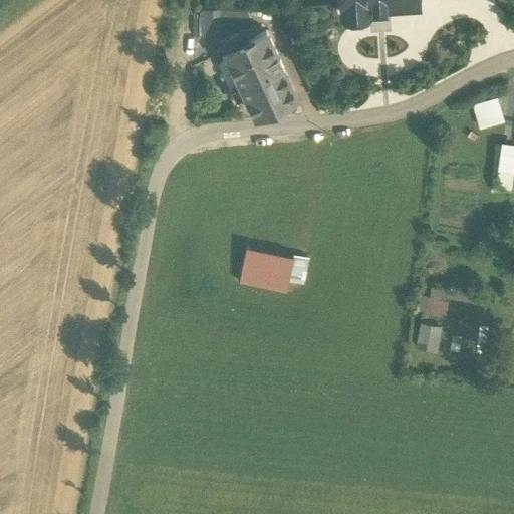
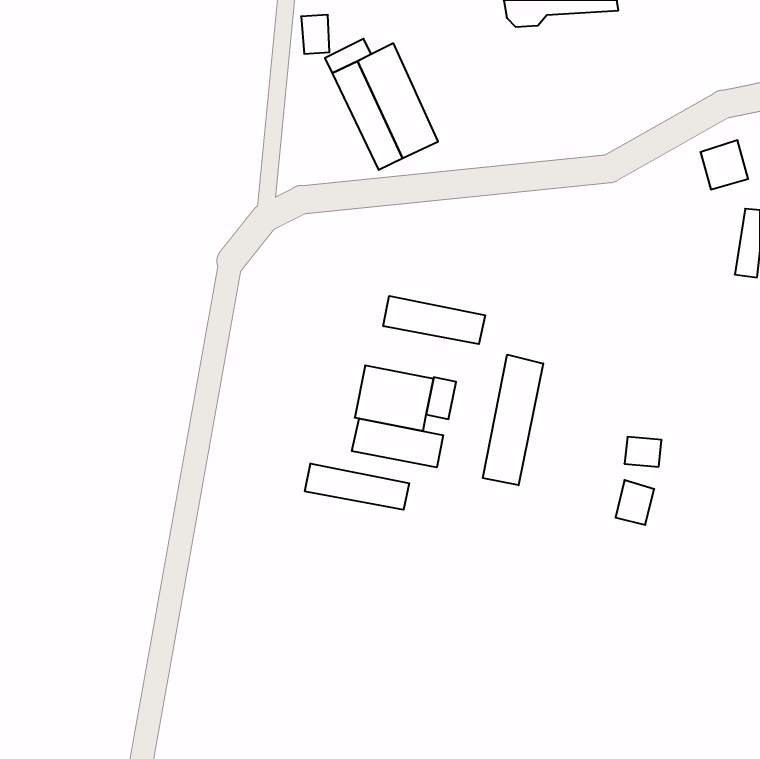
building: none -> [383,296,485,344]
building: none -> [483,355,543,485]
building: none -> [352,418,443,467]
building: none -> [305,463,409,510]

